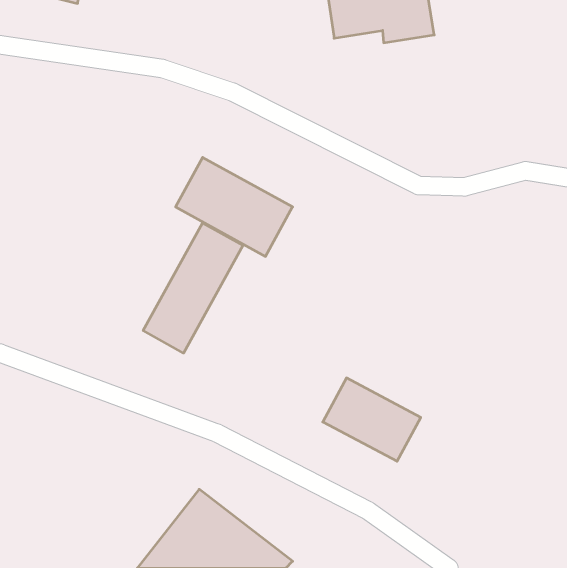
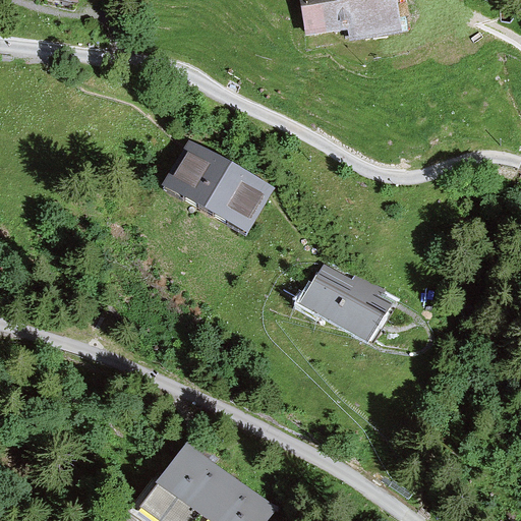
building: [143,223,243,353] -> none
building: [323,378,421,461] -> [303,262,392,337]

